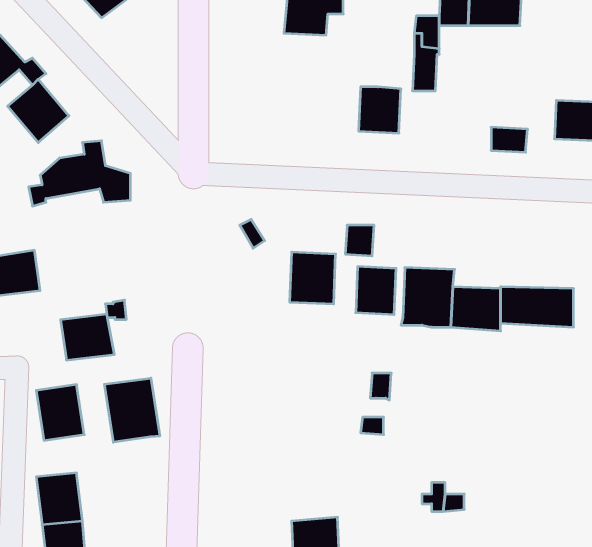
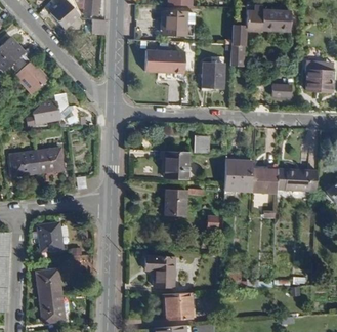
building: none -> [145,50,185,74]
building: [356,267,396,315] -> [167,191,188,216]
building: [61,314,114,360] -> [30,148,58,172]
building: [104,378,160,442] -> none
building: none -> [148,257,176,288]

